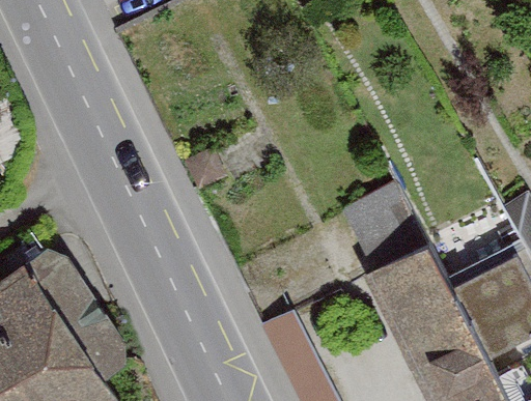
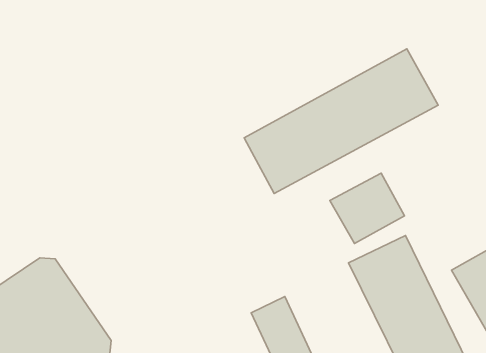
building: none -> [244,49,438,194]

